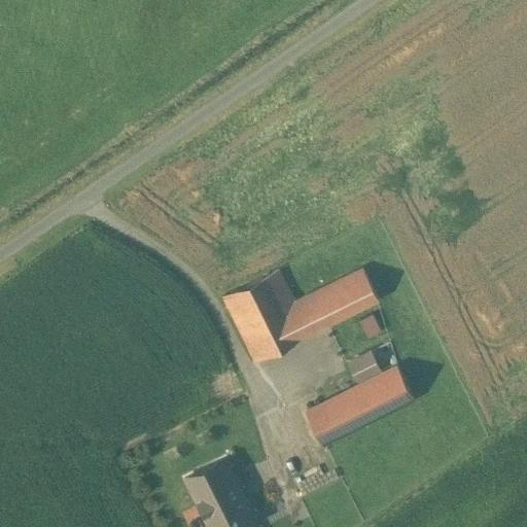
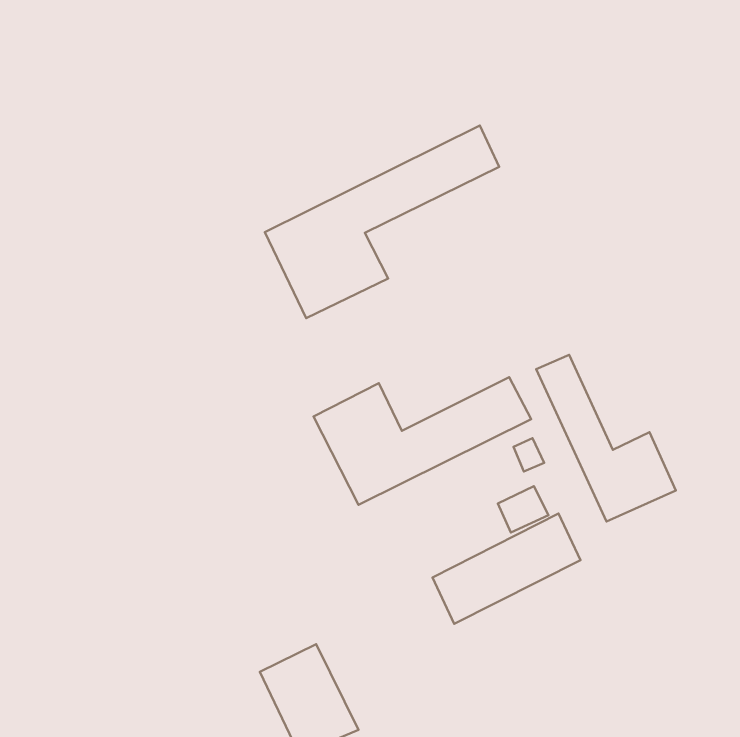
building: none -> [265,126,499,318]
building: none -> [536,355,676,522]

